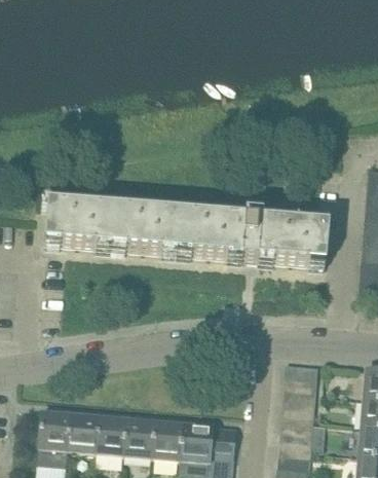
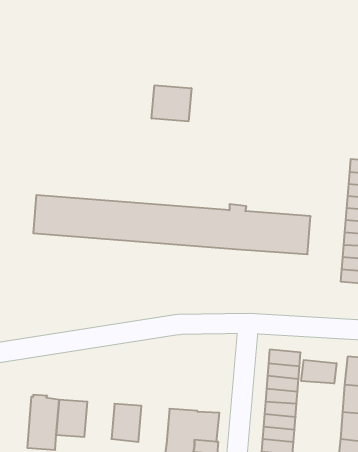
building: none -> [152,85,191,121]
building: none -> [301,360,336,384]
building: [97,415,127,453] -> none
building: [152,419,184,458] -> none

